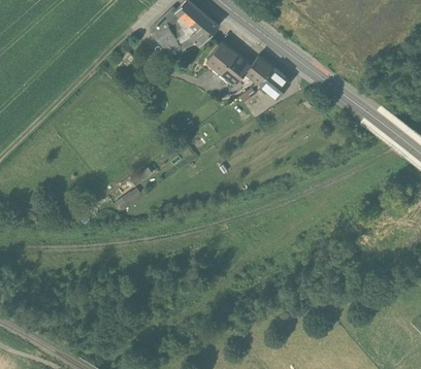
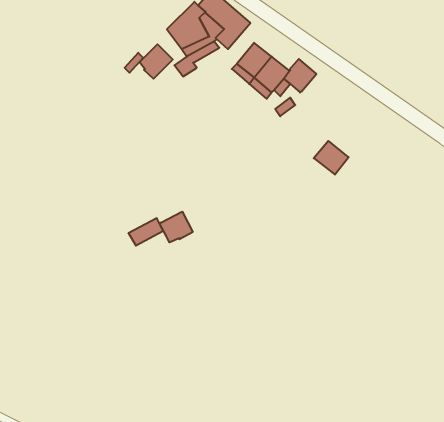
building: none -> [139,44,173,79]
building: [260,69,289,97] -> [314,141,349,175]
building: none -> [160,212,193,242]

